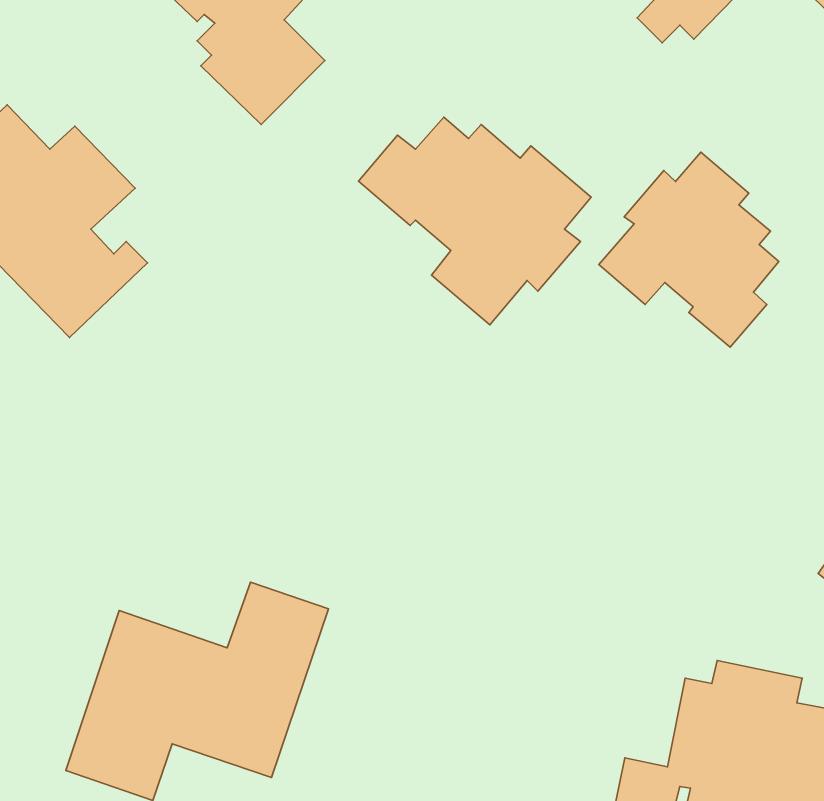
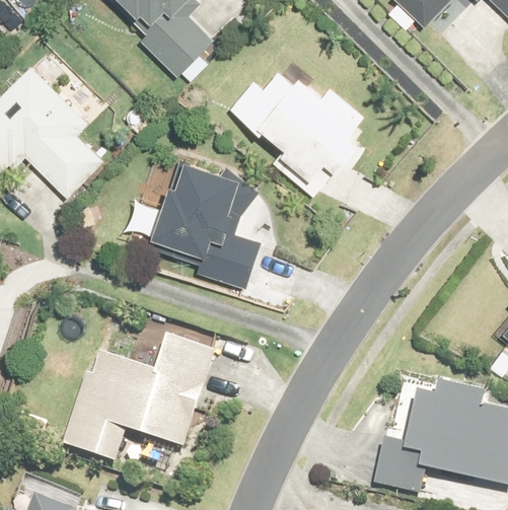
building: [599,152,779,347] -> none
building: none -> [150,159,274,289]

